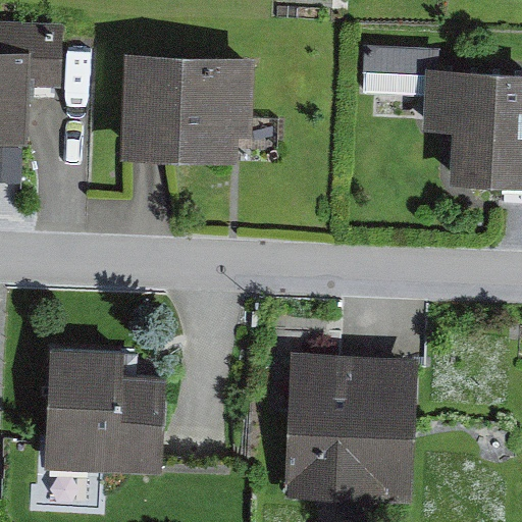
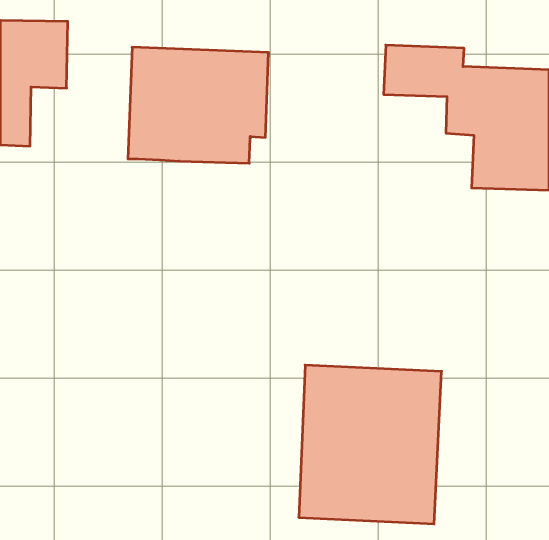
building: [46,350,166,475] -> none

